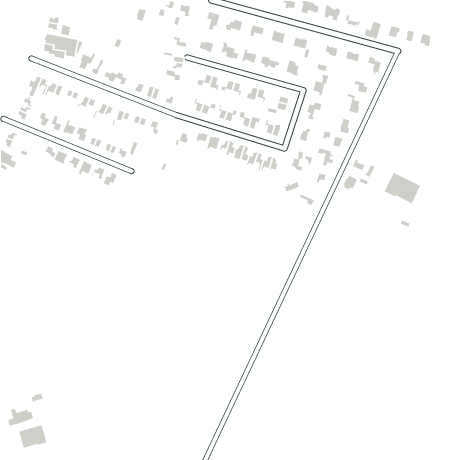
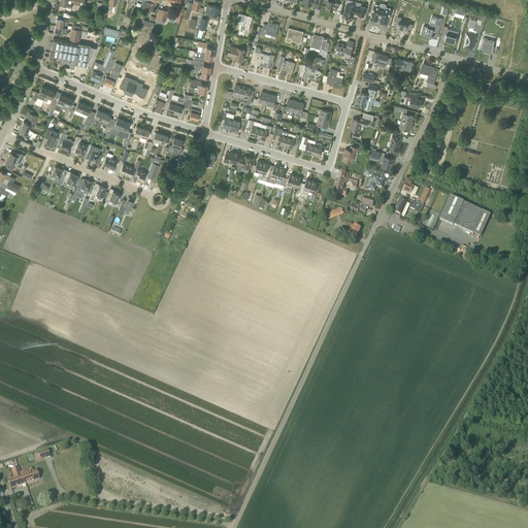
building: [18,424,48,449] -> none

